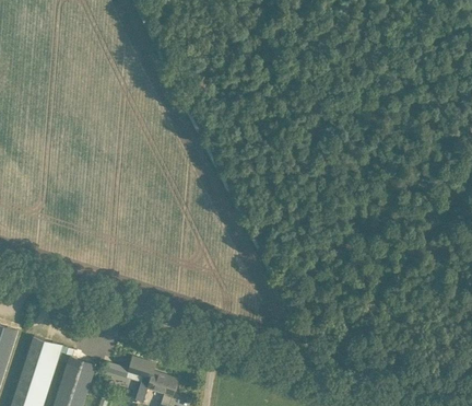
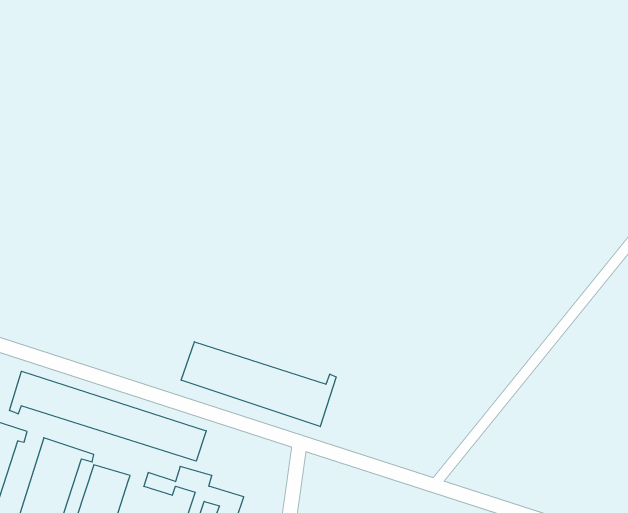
building: none -> [181,342,336,427]
building: none -> [10,371,206,461]

